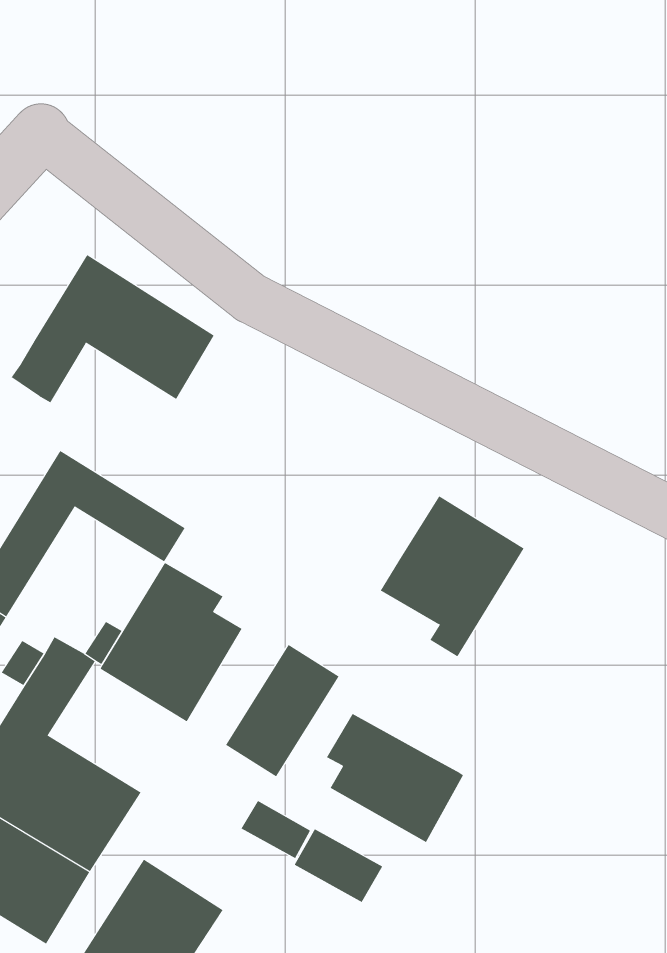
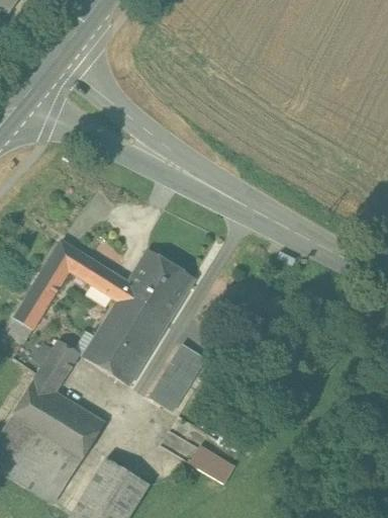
building: [11,254,214,403] -> none
building: [380,495,524,657] -> [117,249,194,335]
building: [326,713,464,843] -> none

